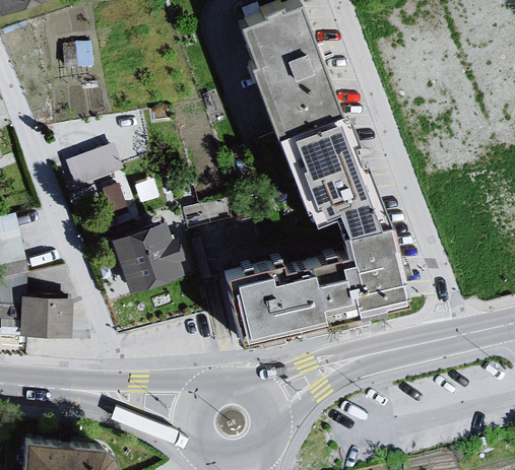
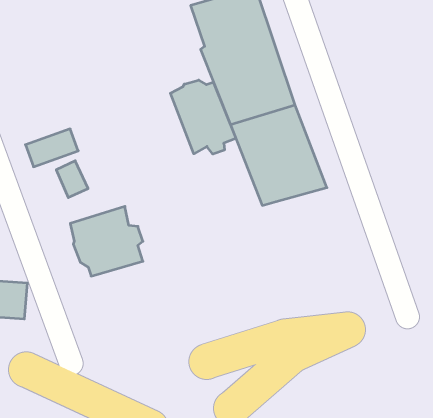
building: none -> [170,80,236,154]
building: [216,205,407,341] -> none

